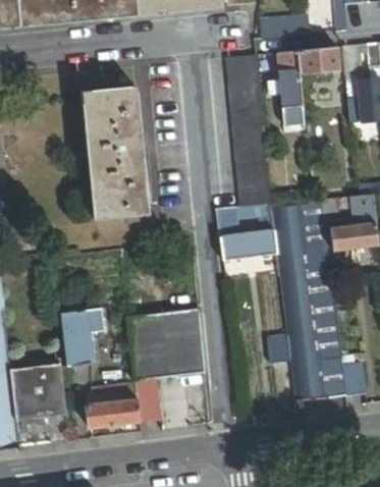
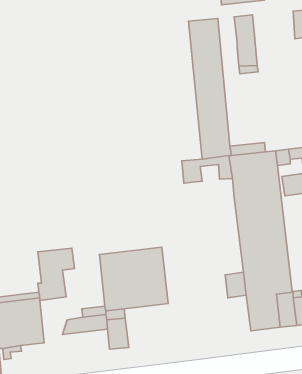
building: [298,46,341,72] -> none
building: [76,89,146,221] -> none
building: [222,231,278,258] -> none
building: [88,398,140,427] -> none

